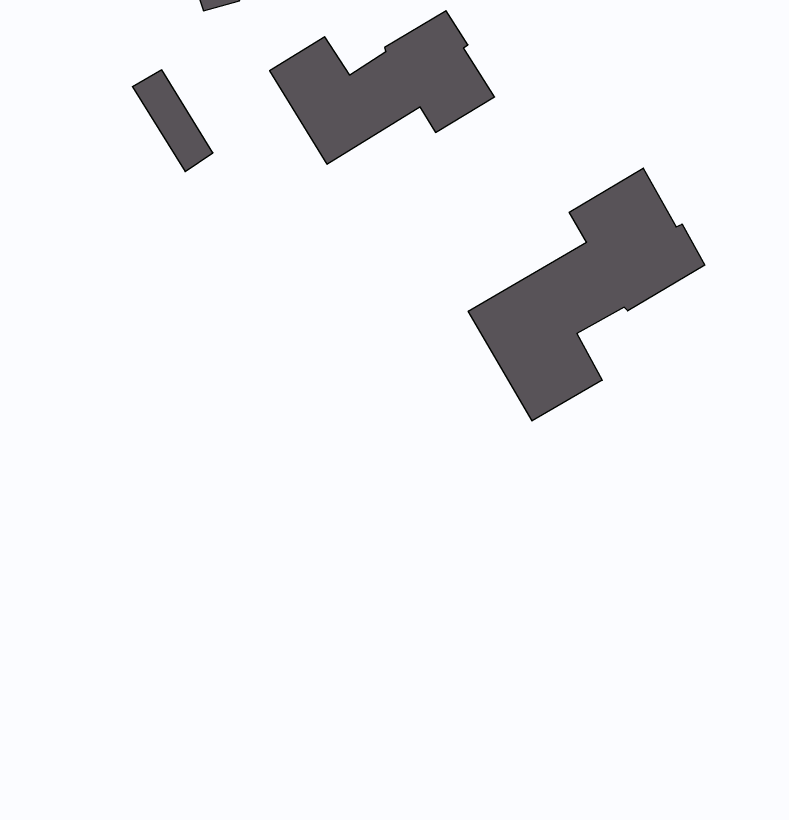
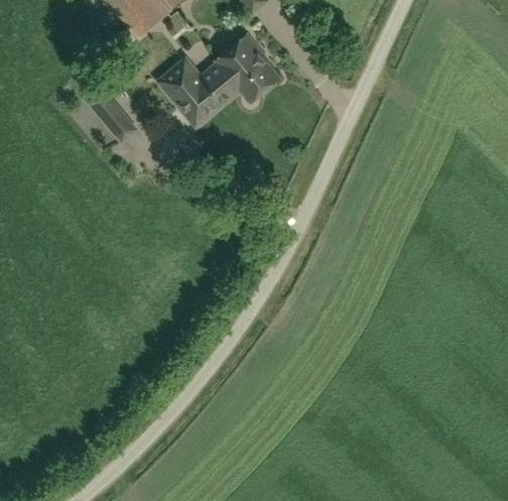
building: [468,168,705,421] -> none

